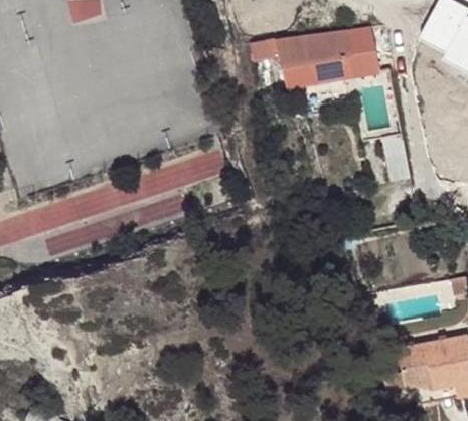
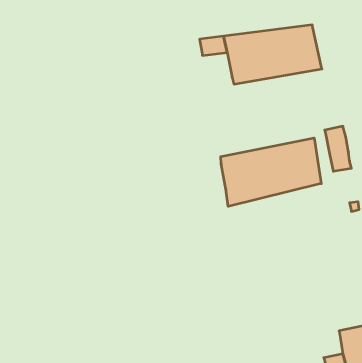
building: none -> [221,138,321,206]

